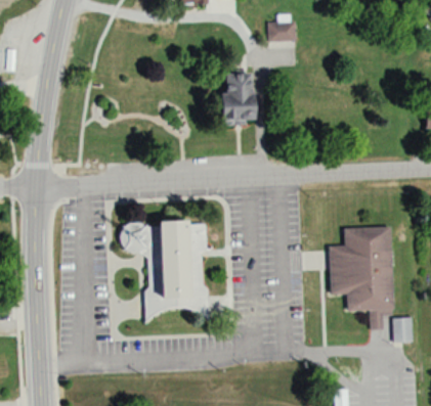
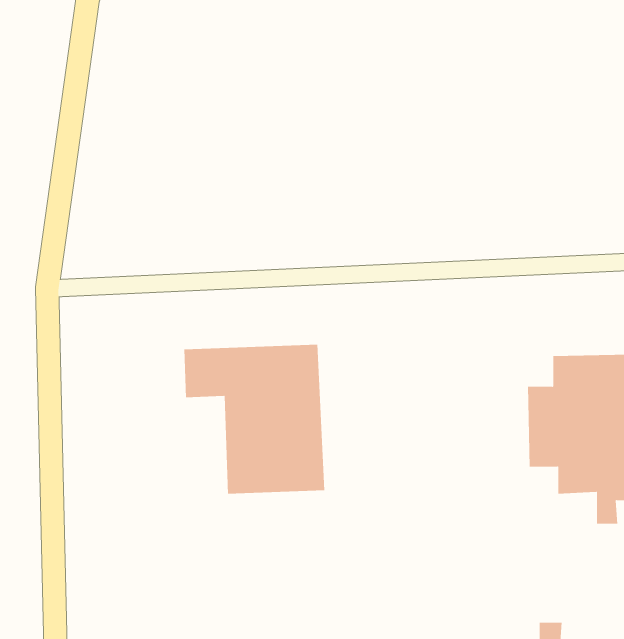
building: [269,19,296,41] -> none
building: [219,72,253,124] -> none

